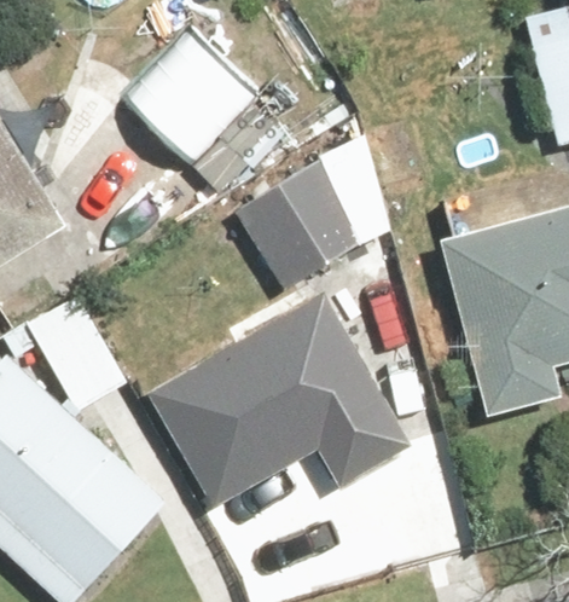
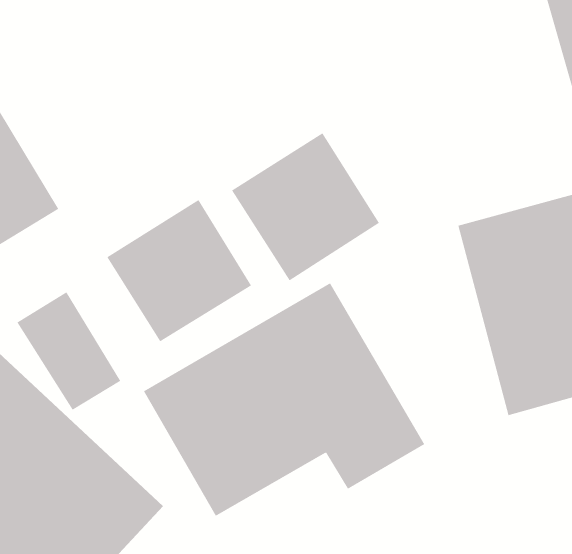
building: [111,34,268,189] -> none
building: none -> [106,199,252,342]

